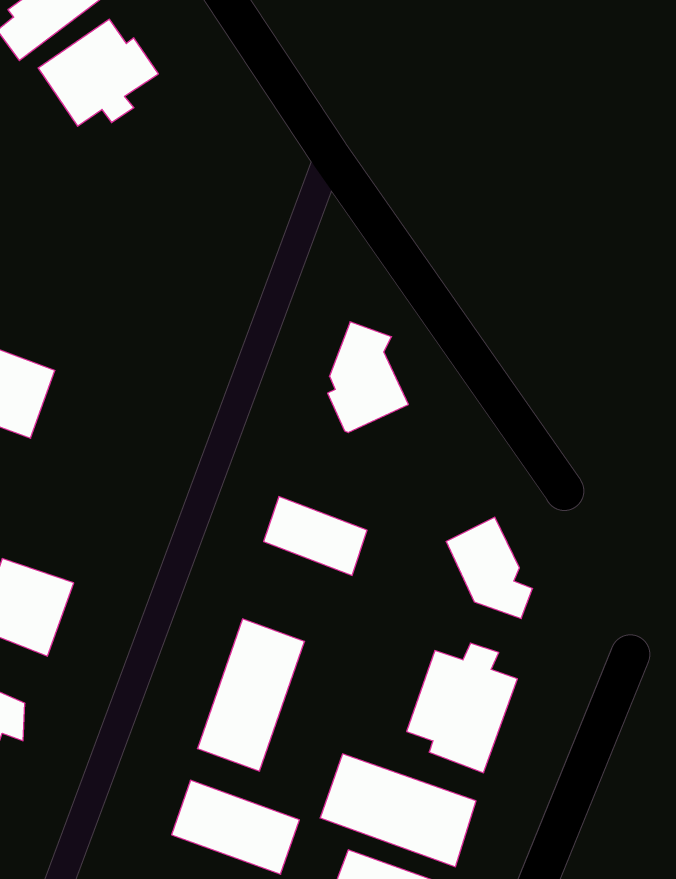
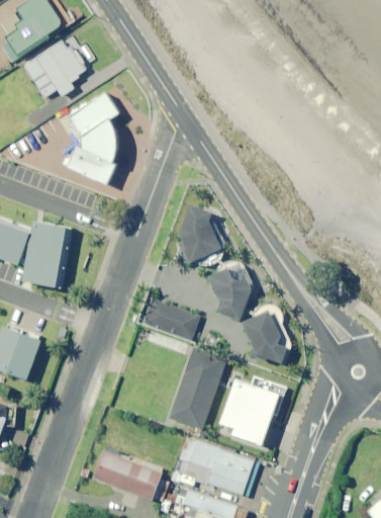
building: none -> [68,92,119,185]
building: none -> [22,222,71,288]
building: none -> [208,262,252,320]
building: [197,619,305,771] -> [168,348,225,430]

